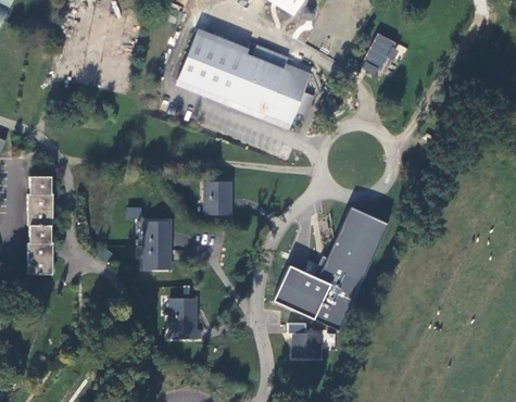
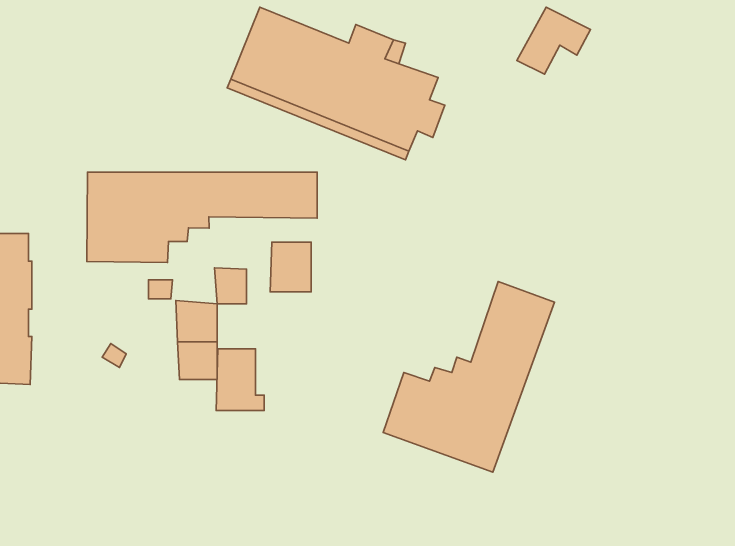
building: none -> [87,172,317,262]
building: none -> [214,268,247,304]
building: [169,298,200,337] -> [216,349,264,410]
building: [292,331,319,357] -> none

